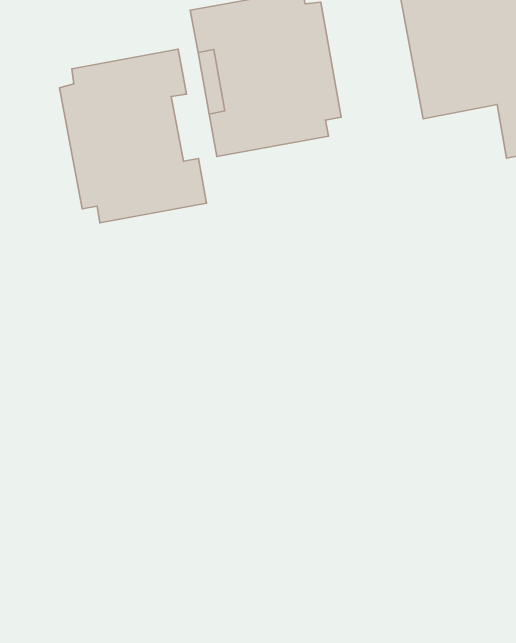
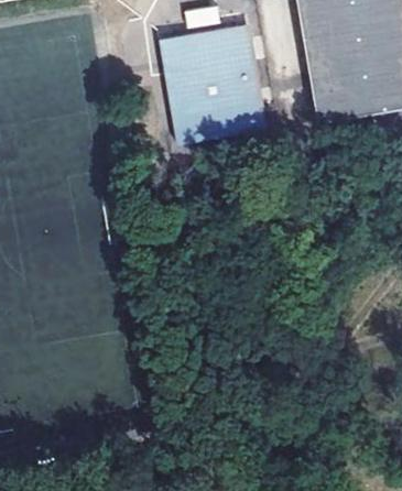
building: [59,49,207,223] -> none

